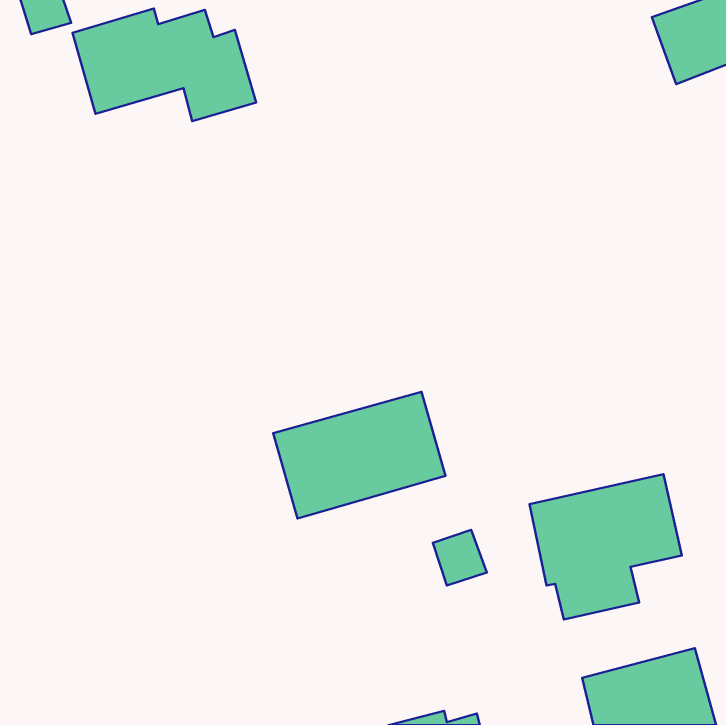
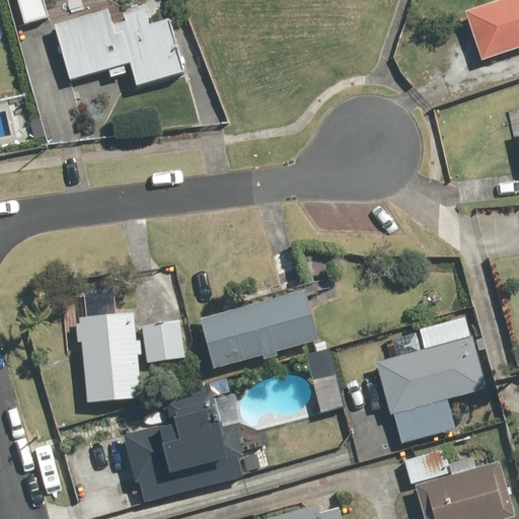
building: none -> [76,313,143,402]
building: none -> [145,325,184,365]
building: none -> [126,375,241,501]

